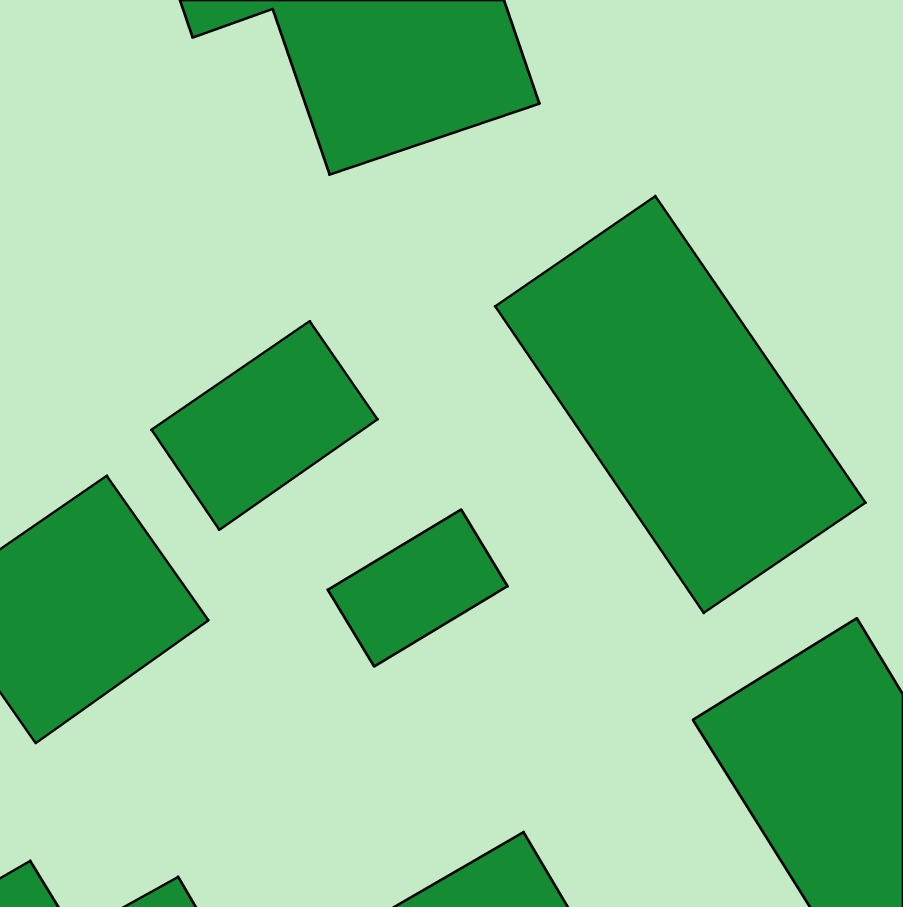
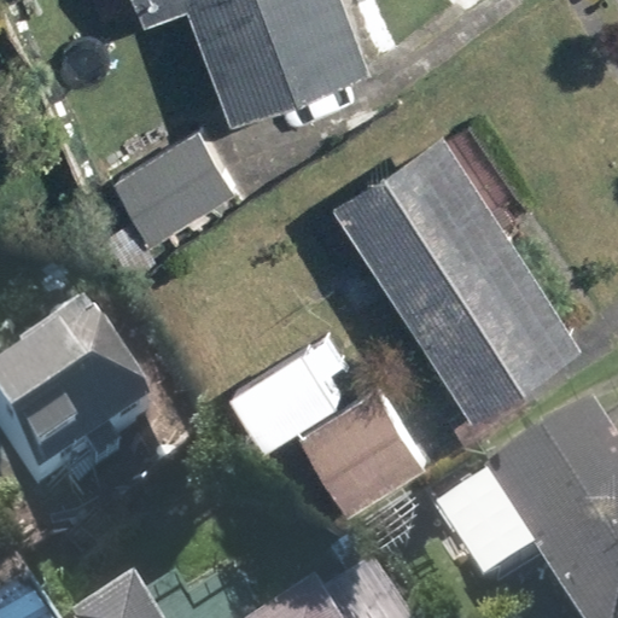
building: [151,321,378,530] -> [82,122,235,263]
building: none -> [301,398,431,521]

